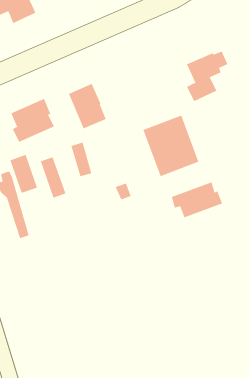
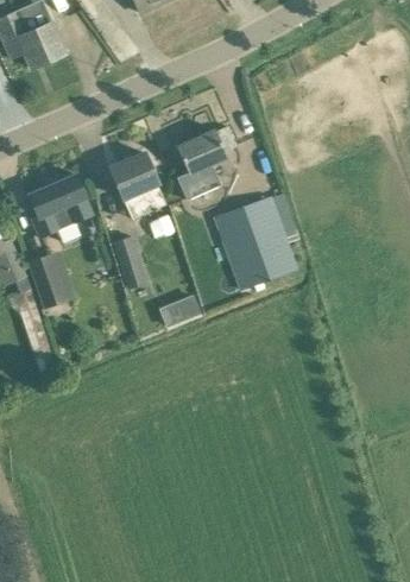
building: [186,51,228,102] -> [177,126,236,198]
building: [40,156,66,198] -> none
building: [171,181,223,218] -> none

